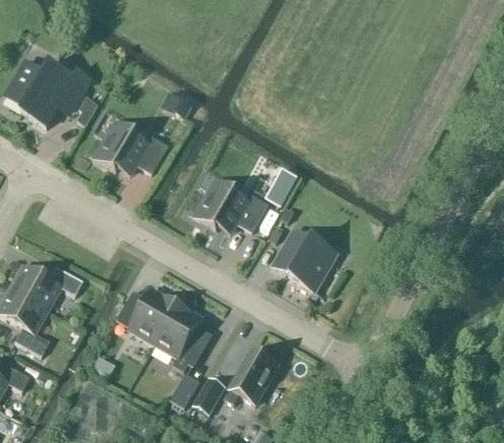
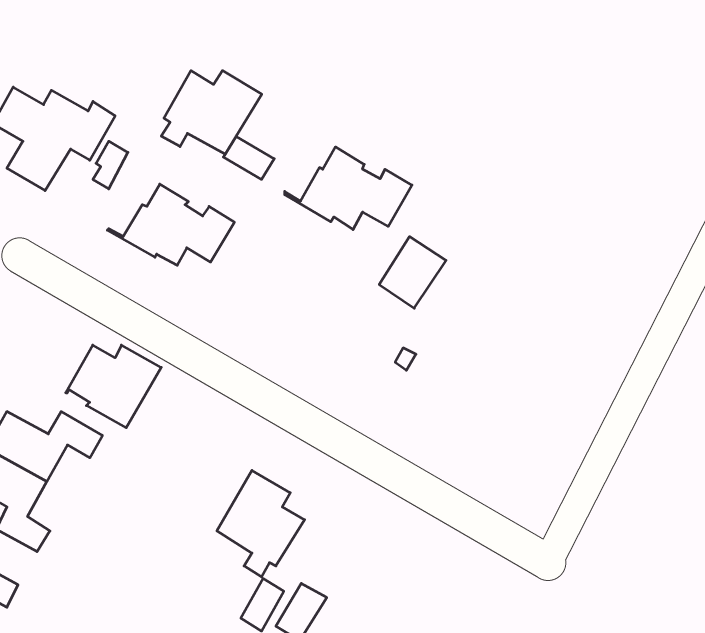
building: none -> [161,71,262,154]
building: [186,179,267,232] -> [285,147,412,230]
building: [273,229,337,291] -> none
building: [117,290,177,343] -> [66,345,161,428]
building: [224,349,277,402] -> none

